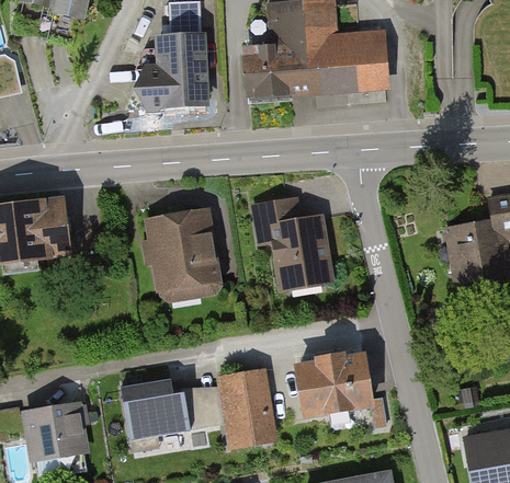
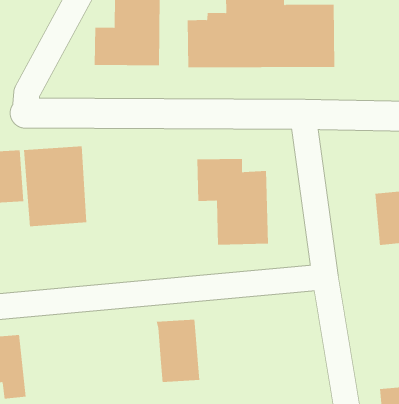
building: [145,209,218,299] -> [23,146,87,227]
building: [297,346,376,414] -> none
building: [124,376,229,437] -> none

